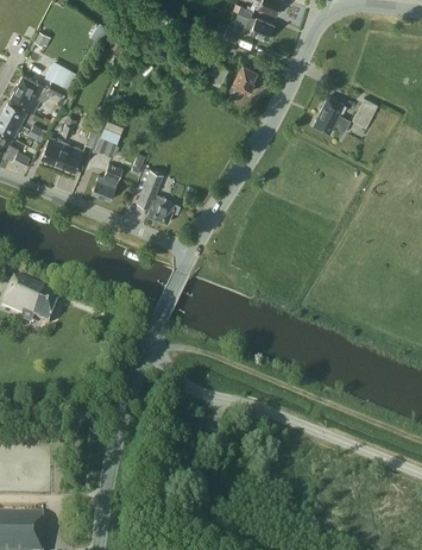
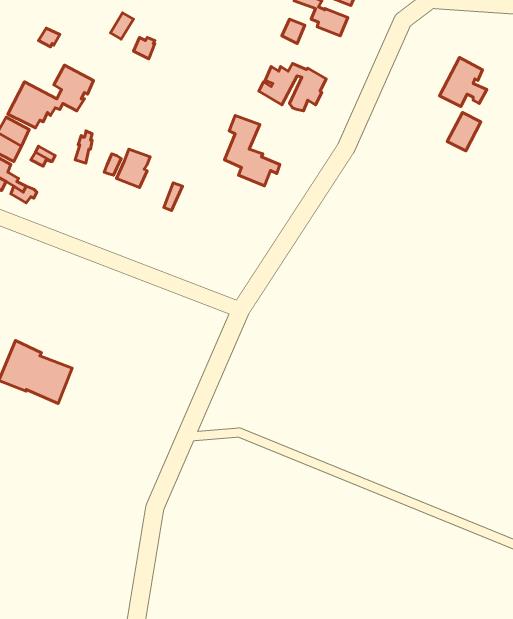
building: [313,95,349,133] -> [439,57,487,106]
building: [42,135,83,169] -> none
building: [90,162,122,199] -> none
building: [137,167,179,221] -> [225,115,280,186]

